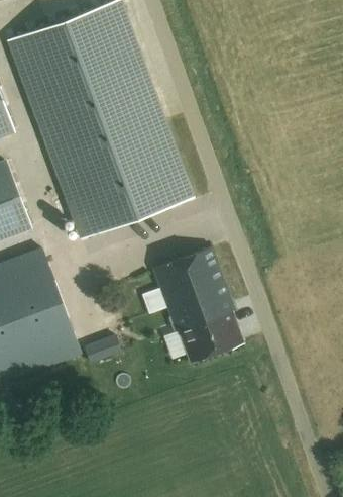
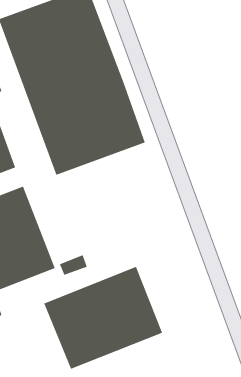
building: [153,247,242,363] -> none
building: none -> [43,266,163,370]

